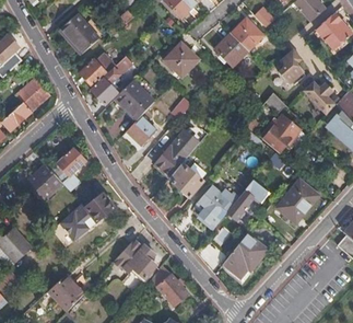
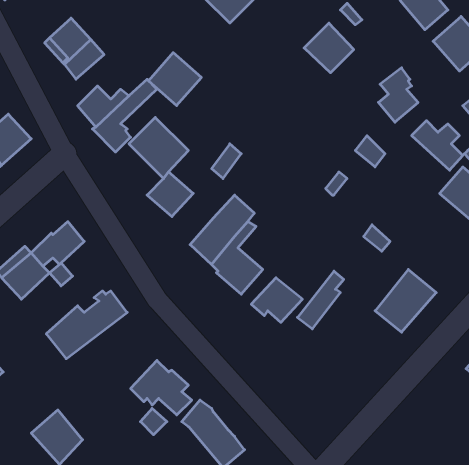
building: [214,33,248,66] -> none
building: [166,44,201,79] -> [148,53,201,106]
building: [264,116,298,150] -> none
building: [222,231,267,277] -> none

